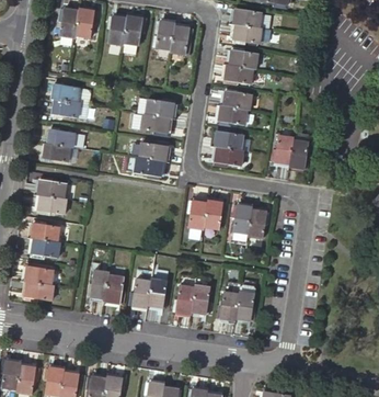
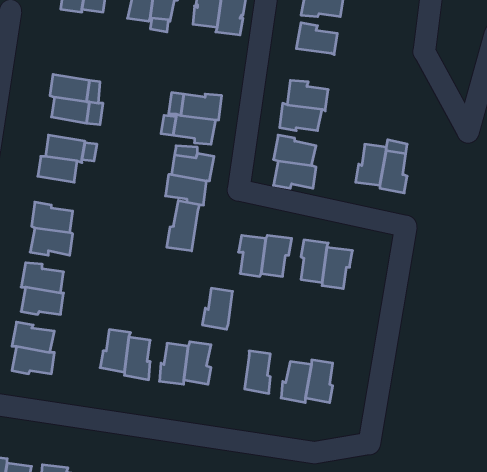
building: [223,65,254,84] -> none
building: none -> [167,200,200,251]
building: [173,285,195,315] -> [202,288,233,329]

